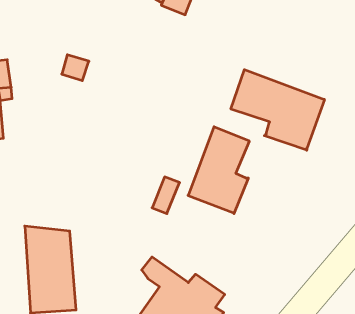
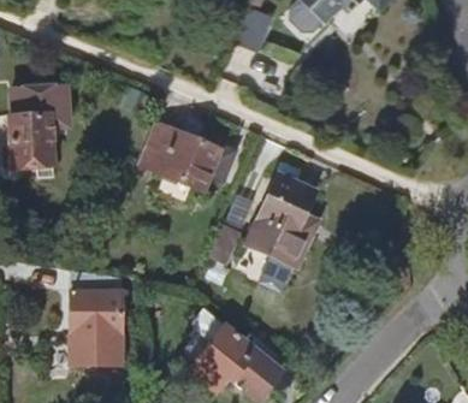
building: [231,70,324,150] -> none
building: none -> [137,122,232,191]

